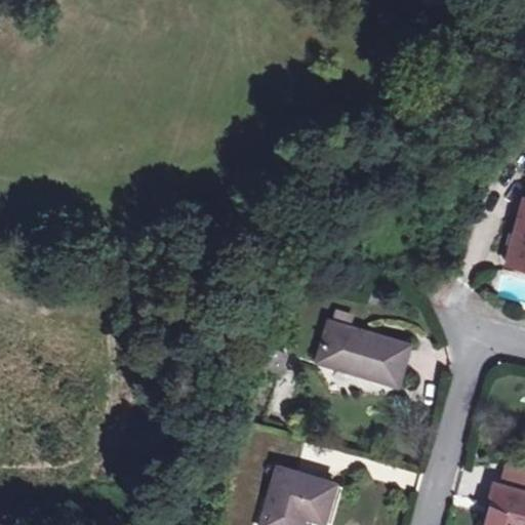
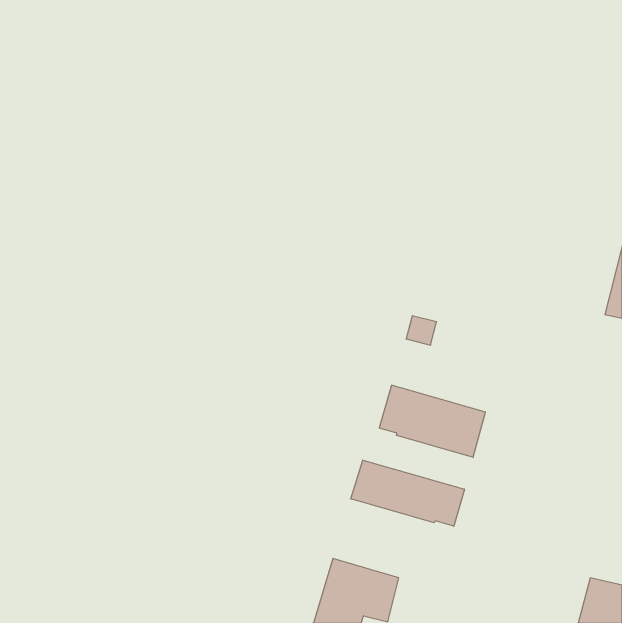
building: none -> [351,460,464,526]

